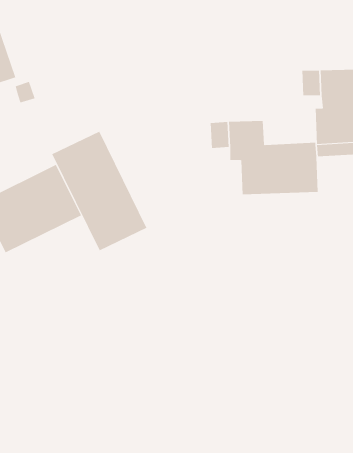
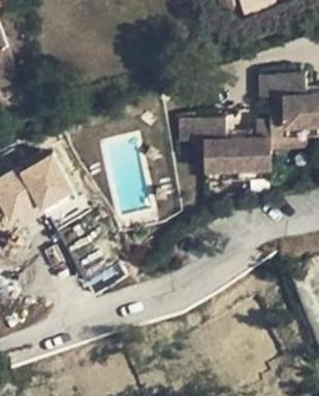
building: [52,131,147,251] -> none

